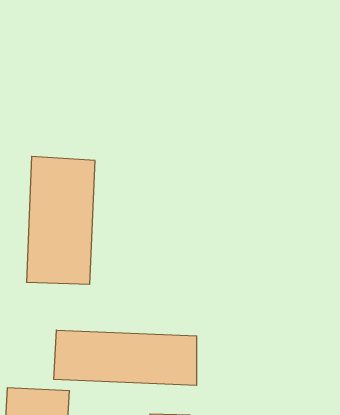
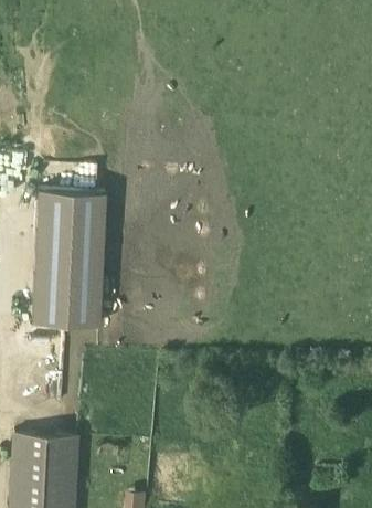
building: [54,330,197,385] -> none

